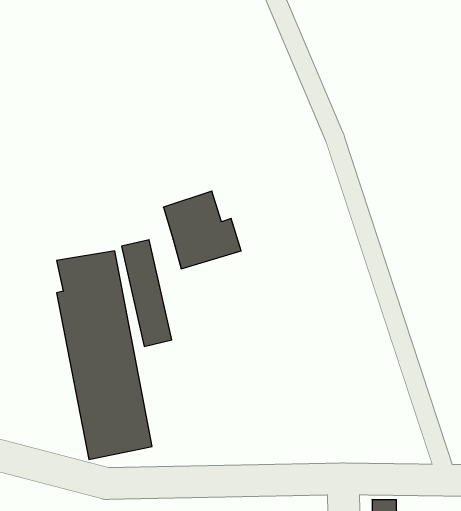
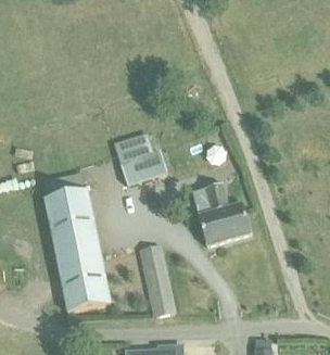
building: [122,240,172,346] -> [139,244,173,316]
building: none -> [191,183,249,245]

